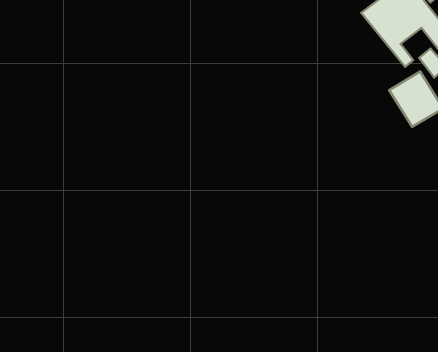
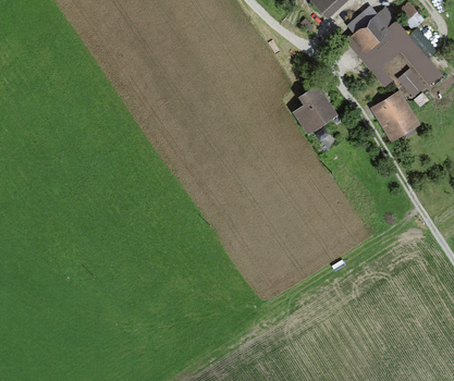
building: none -> [292,84,336,135]

